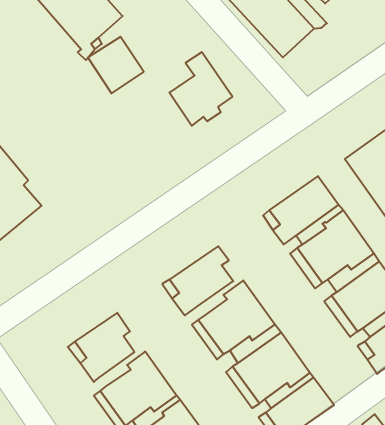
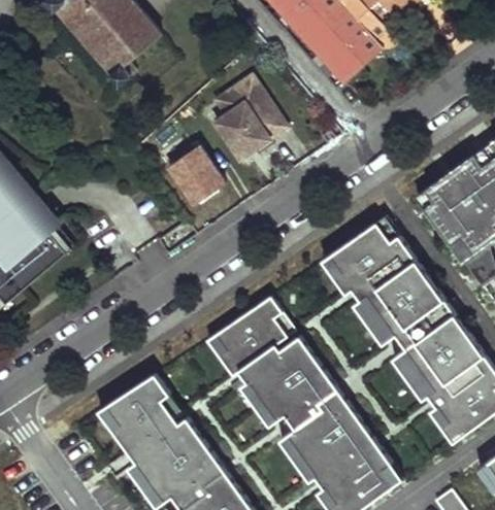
building: [88,37,144,93] -> [164,142,228,207]
building: none -> [245,313,298,376]
building: none -> [133,395,186,457]

